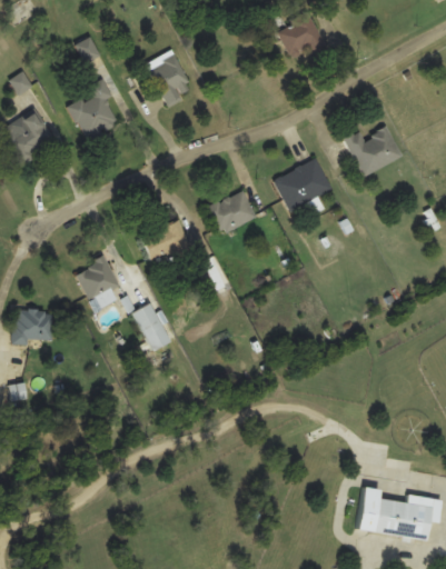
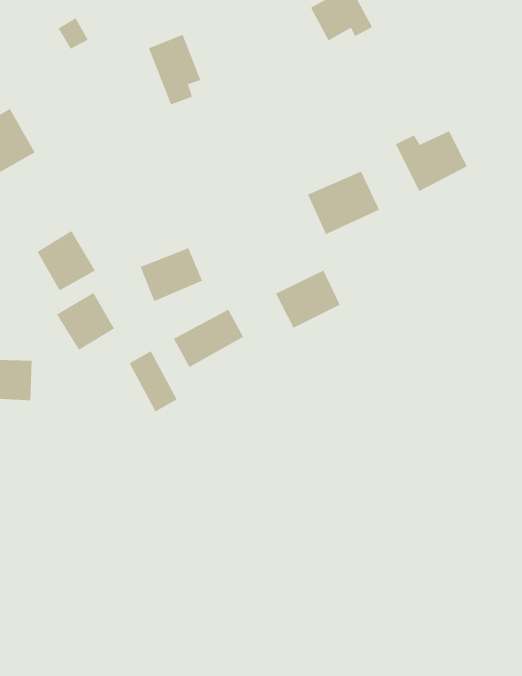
building: [68,79,118,140] -> none
building: [204,189,256,236] -> [275,270,341,328]
building: none -> [37,230,96,291]
building: none -> [173,309,244,368]
building: [355,486,432,541] -> none

